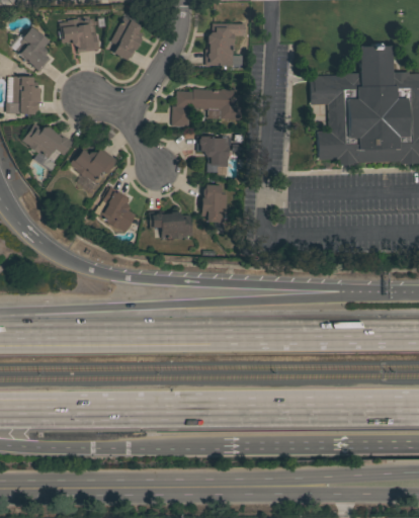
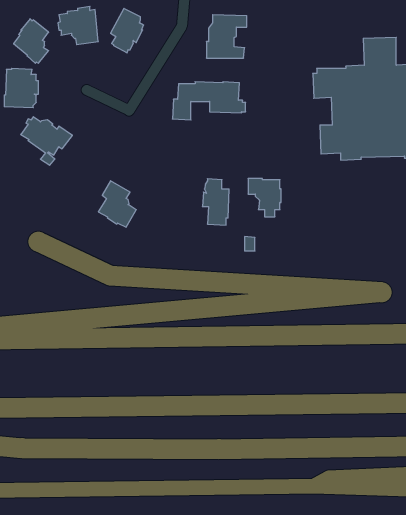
building: [197,136,230,173] -> [248,179,281,217]
building: [70,148,118,191] -> none
building: [150,210,193,239] -> none

